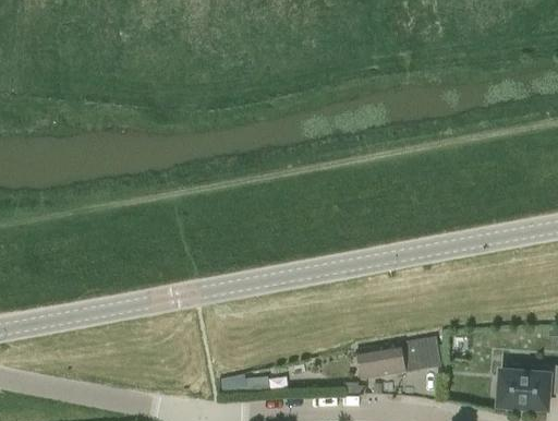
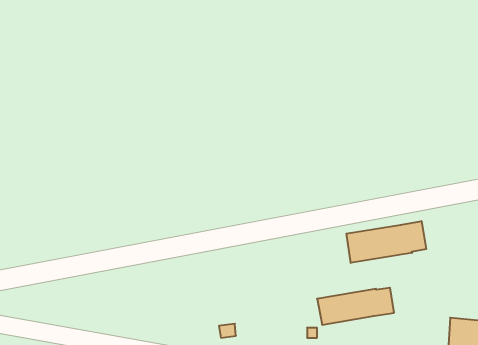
building: none -> [346,221,426,263]

